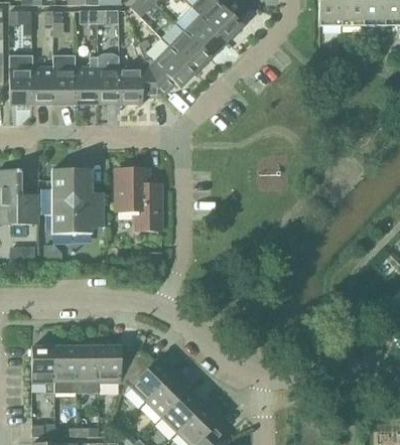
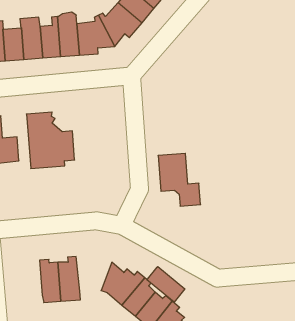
building: [116,169,161,231] -> [158,153,201,206]
building: [31,341,54,393] -> none
building: [97,341,138,384] -> none
building: none -> [147,267,185,302]

